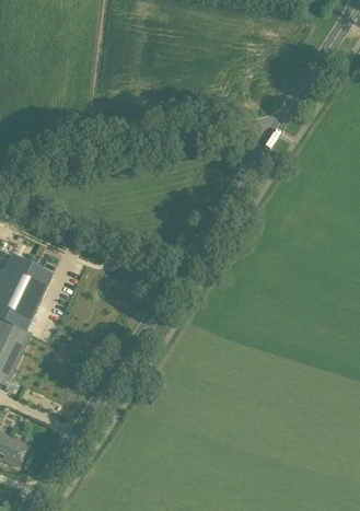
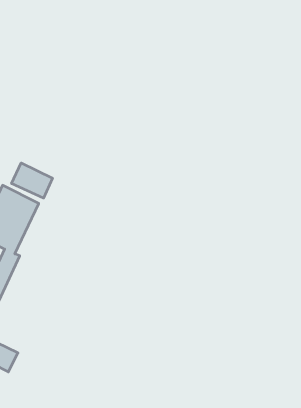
building: none -> [12,163,52,198]

